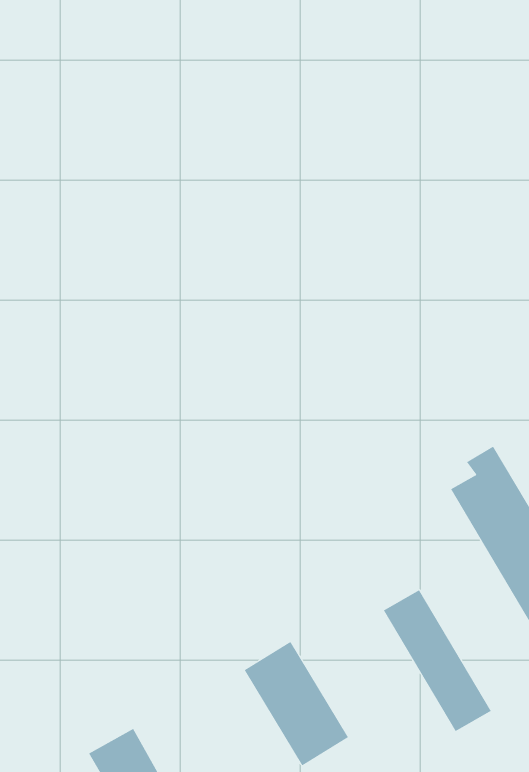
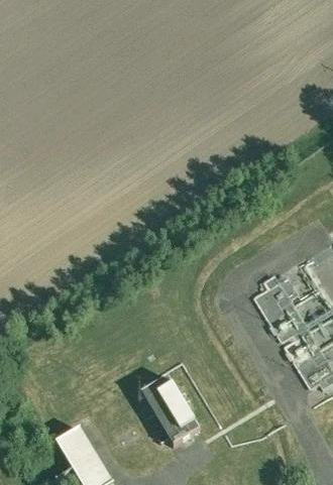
building: [383,589,492,732] -> none

